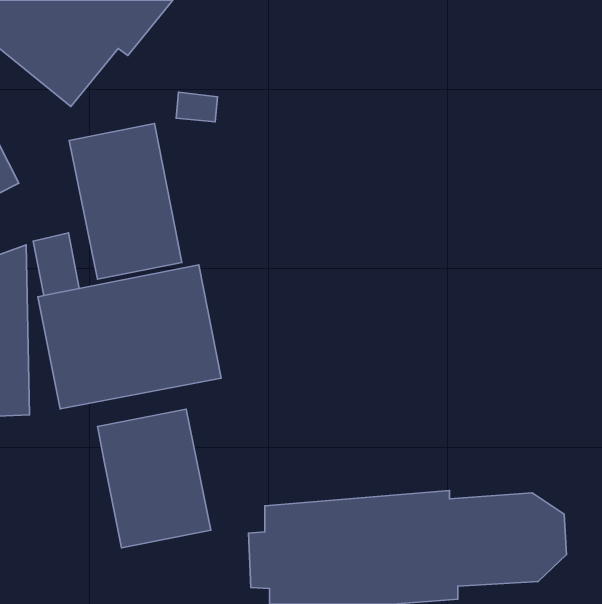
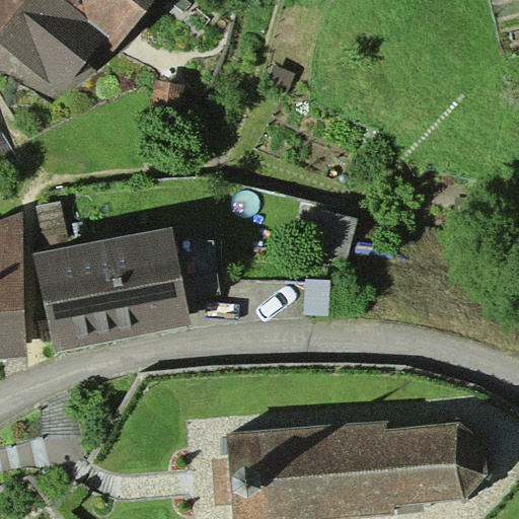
building: [69,124,182,279] -> none
building: [97,409,211,548] -> none

